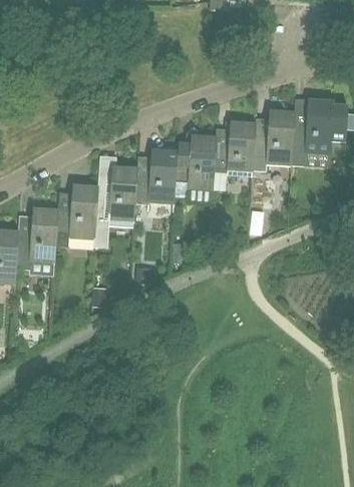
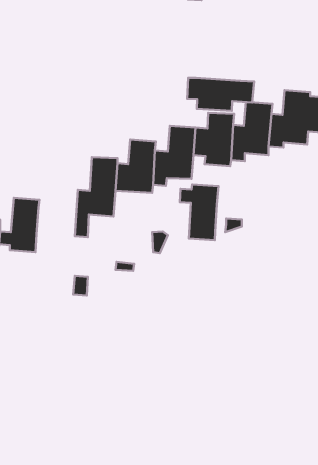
building: none -> [187,78,254,111]
building: [55,184,98,247] -> none
building: none -> [180,184,218,240]

